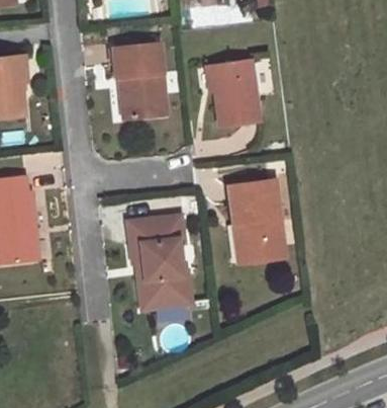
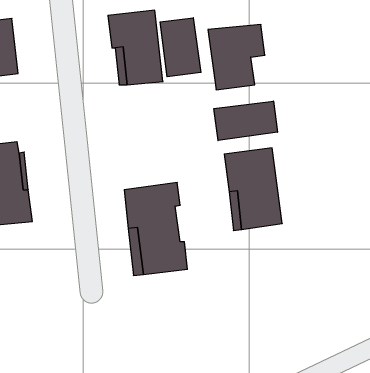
building: none -> [160,18,201,77]
building: none -> [214,101,277,141]

